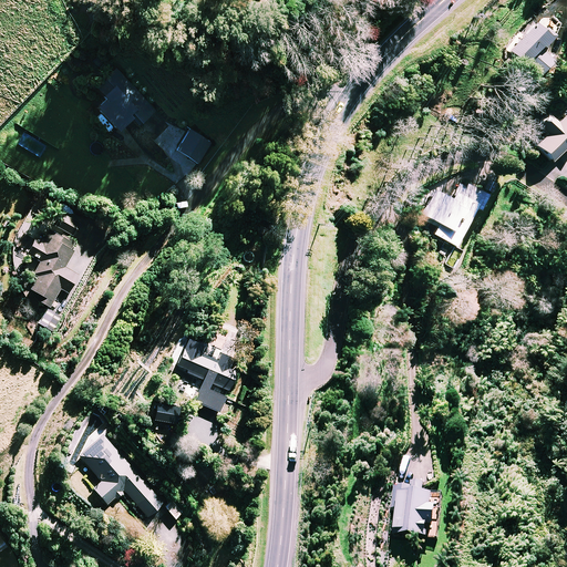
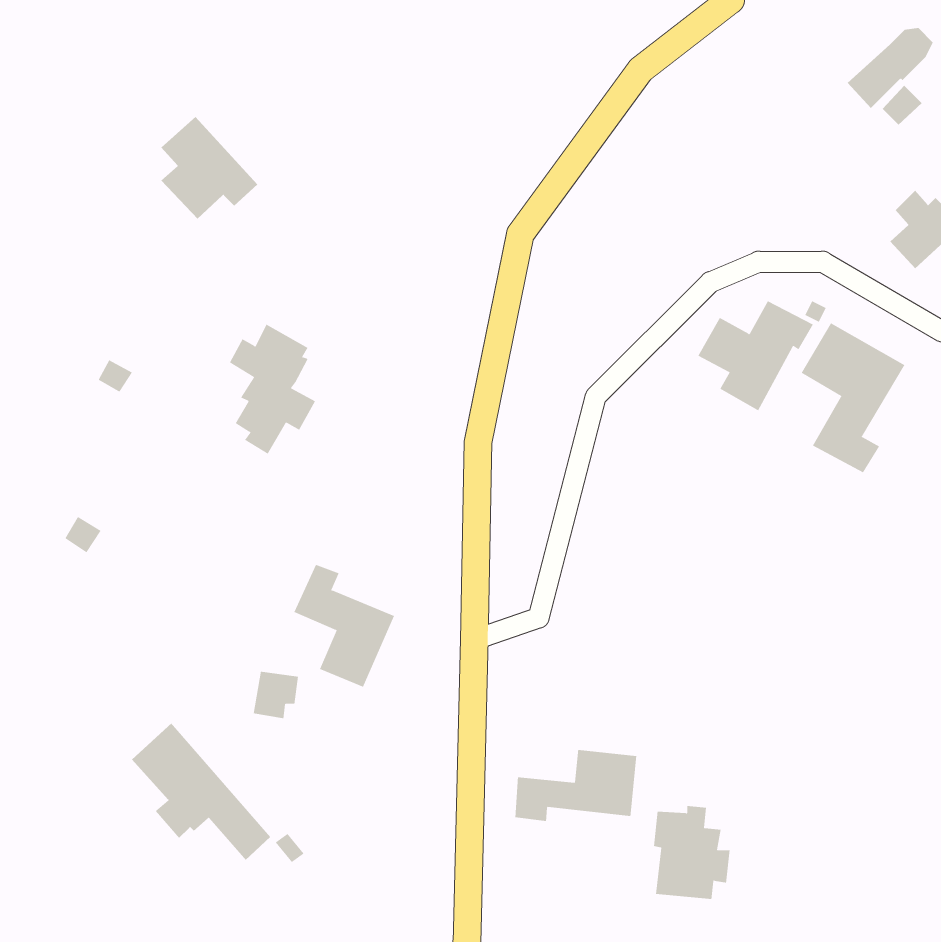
building: none -> [801,323,905,473]
building: [28,229,80,308] -> [229,324,316,455]
building: none -> [515,749,637,822]

